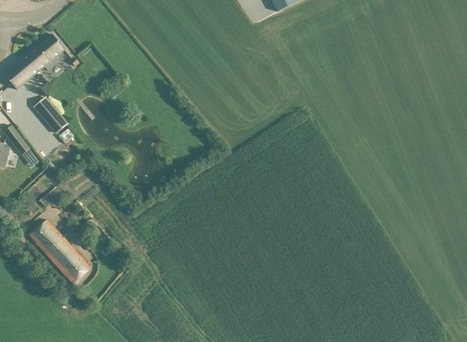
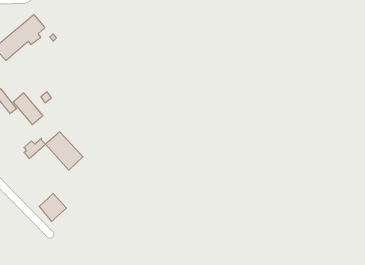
building: [32,95,68,133] -> [13,93,43,125]
building: [29,219,74,265] -> [46,132,83,170]

